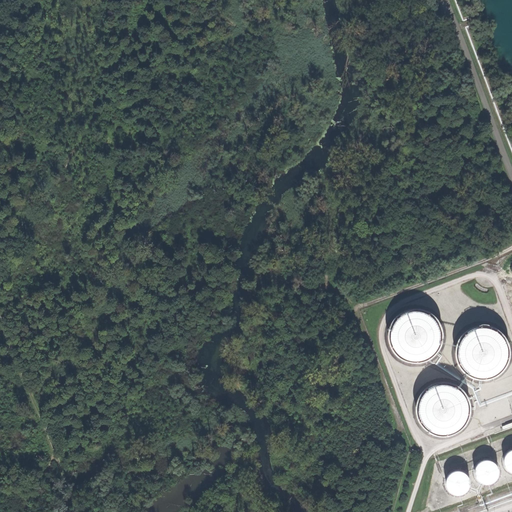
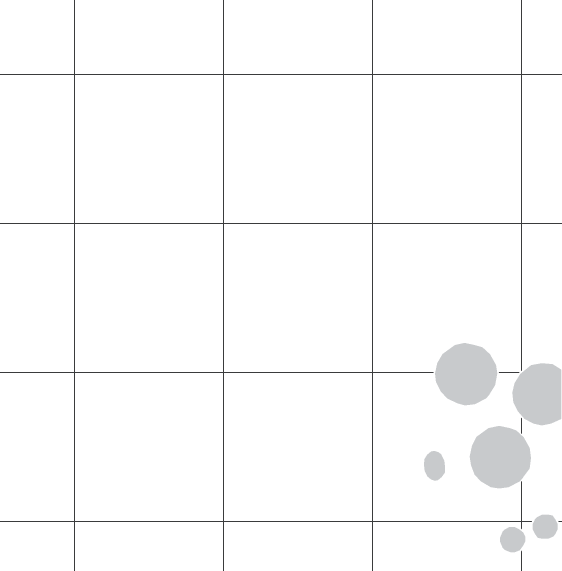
building: none -> [423,450,446,481]

